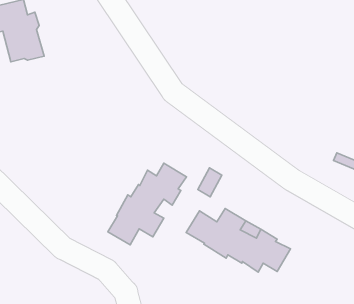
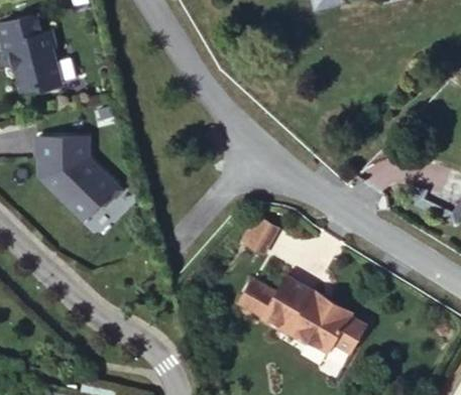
building: none -> [36,139,113,221]
building: [108,163,187,245] -> none

